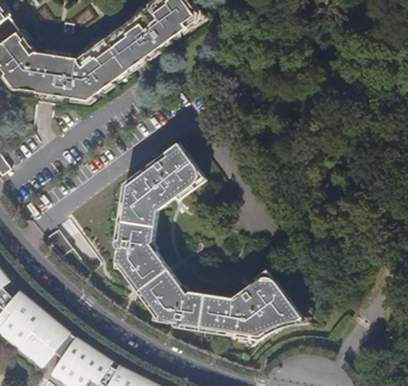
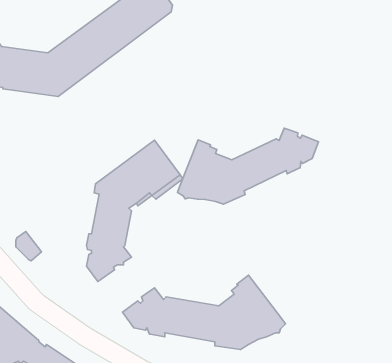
building: none -> [177,128,318,204]
building: [125,252,178,305] -> none

